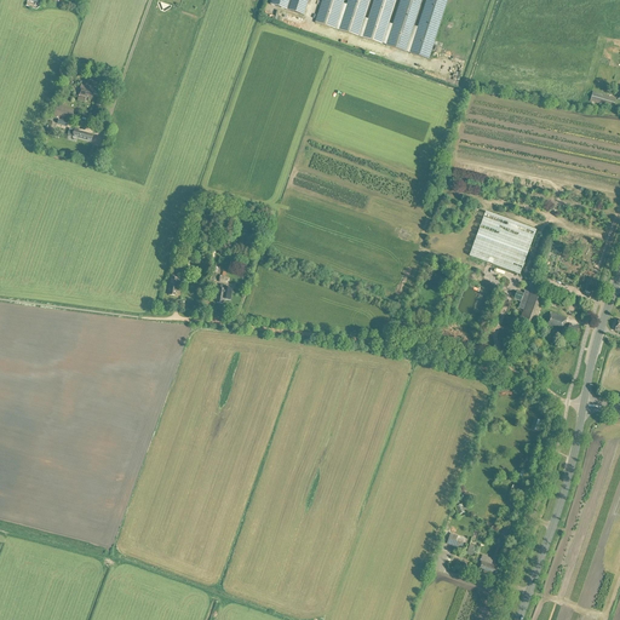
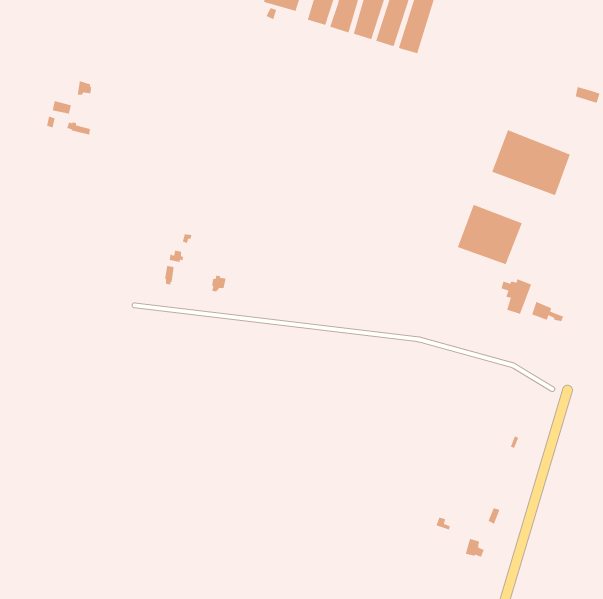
building: none -> [491,129,571,196]

